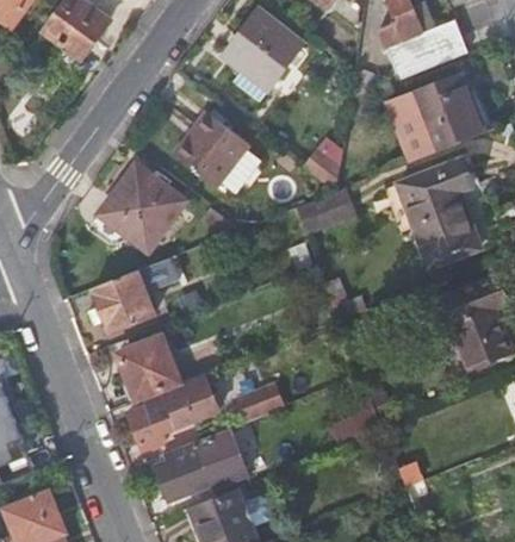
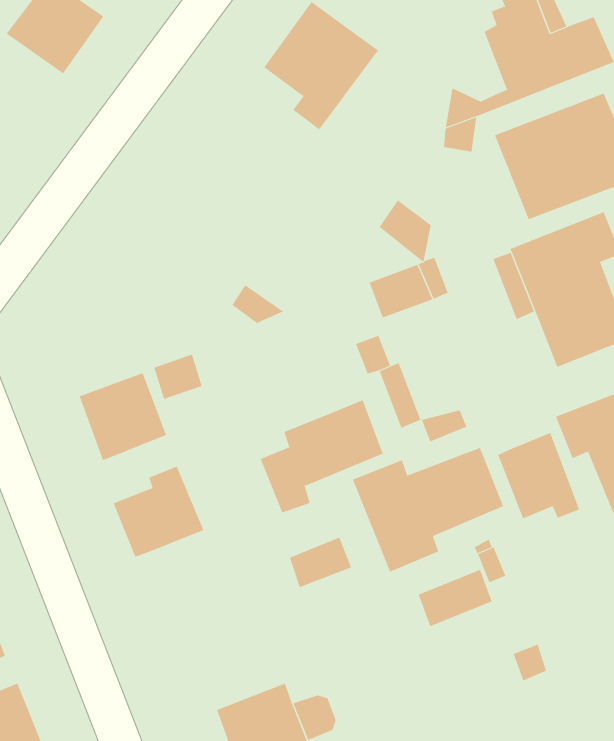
building: [173,110,259,189] -> none
building: [95,162,187,253] -> none
building: none -> [497,432,580,519]
building: none -> [352,447,504,573]
building: [128,372,215,451] -> [260,400,383,513]
building: [156,430,249,499] -> none

